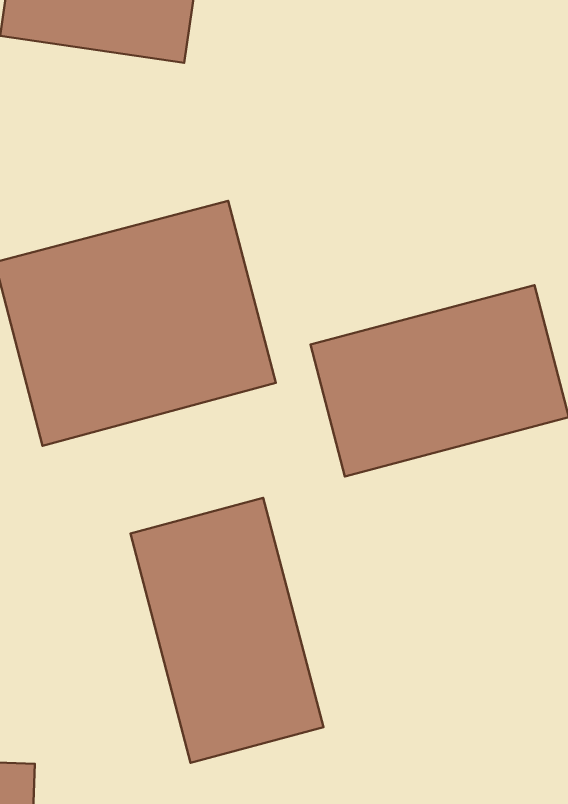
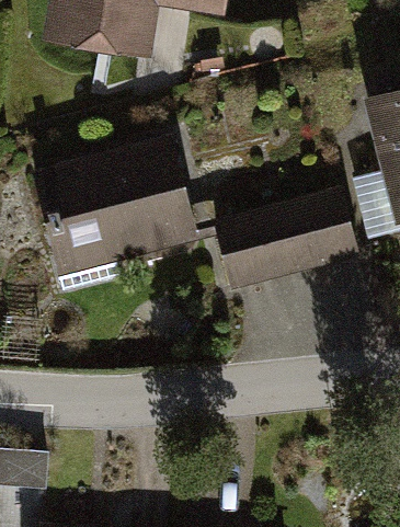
building: [130,498,323,763] -> none

